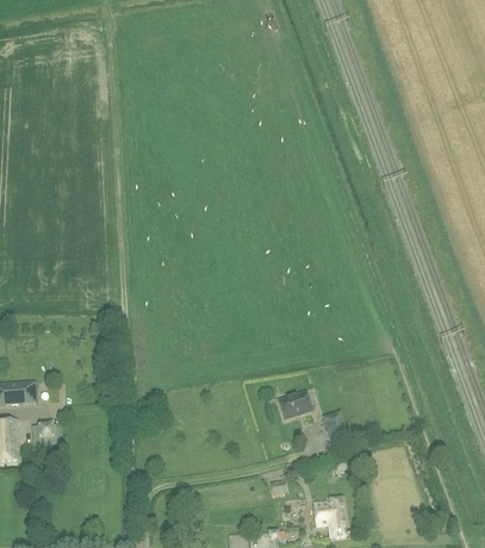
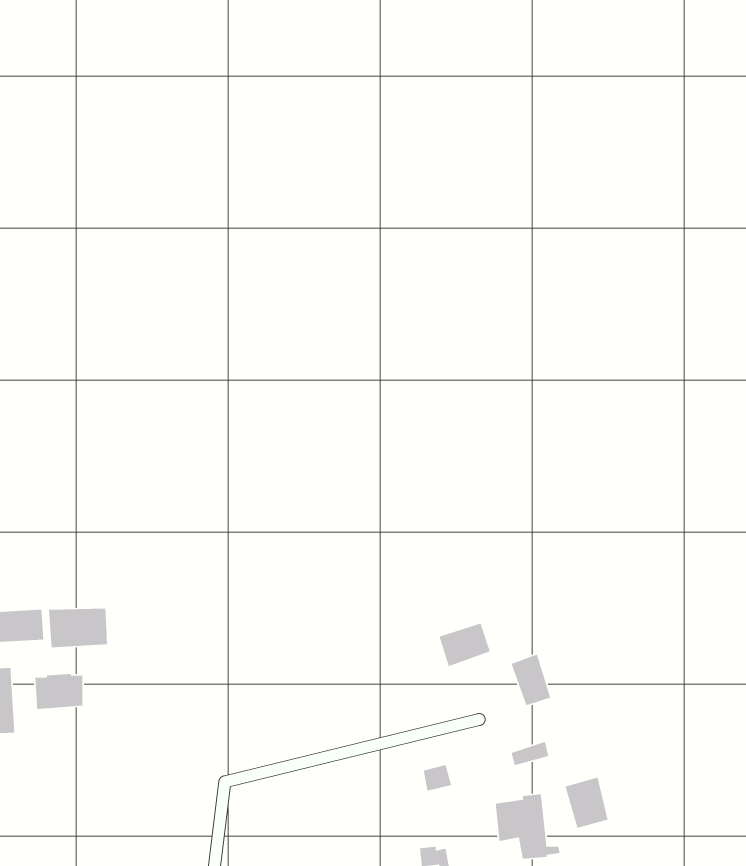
building: none -> [48,608,108,648]
building: none -> [565,777,608,829]

